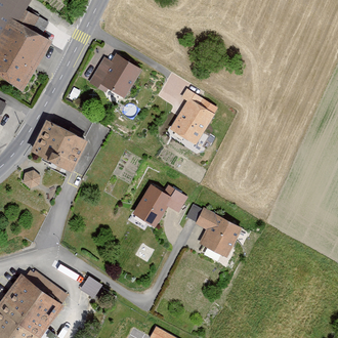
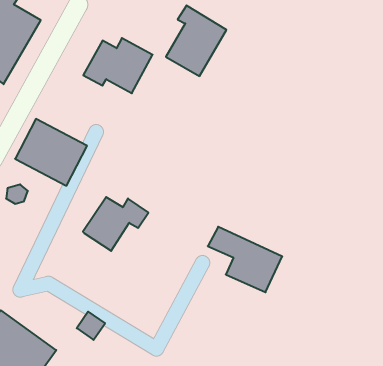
building: [171,87,219,143] -> [166,5,226,76]
building: [132,185,184,228] -> [83,197,148,251]

